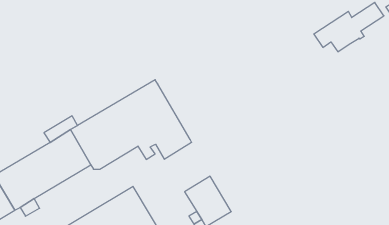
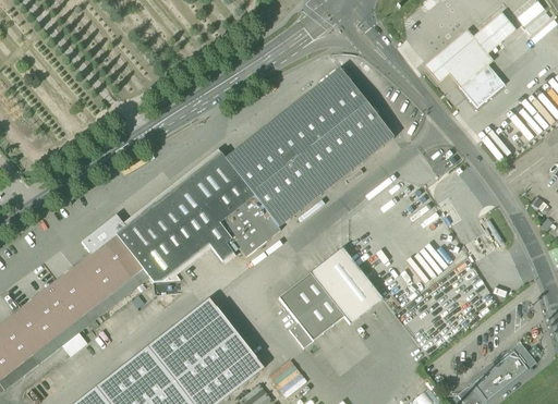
building: none -> [226,69,393,227]
building: none -> [460,63,504,107]
building: none -> [311,247,383,323]

